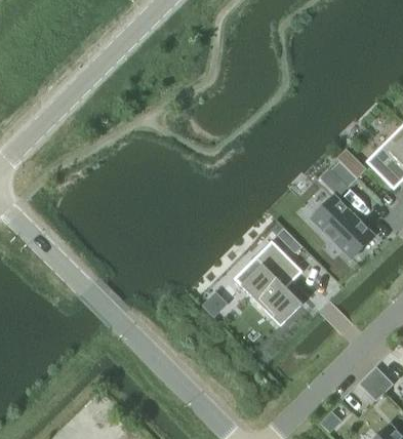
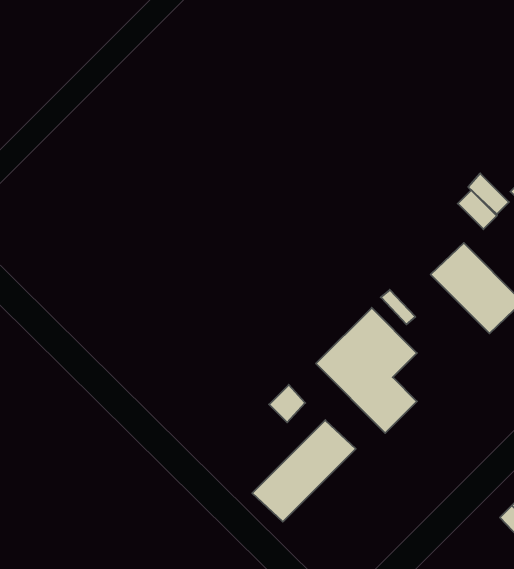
building: none -> [252,420,356,522]

